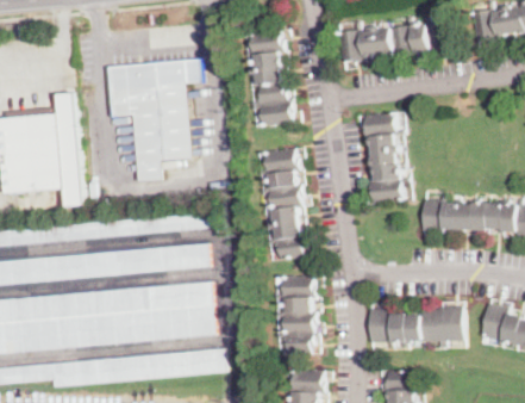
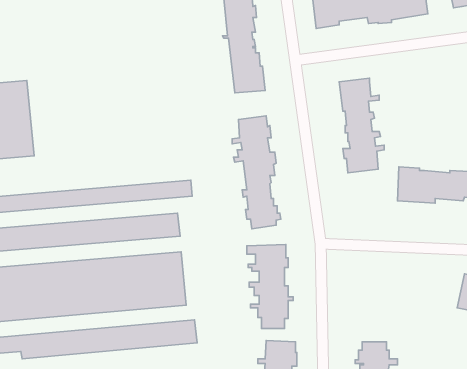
building: [107,56,205,181] -> none
building: [56,92,83,205] -> none
building: [368,302,462,348] -> none

